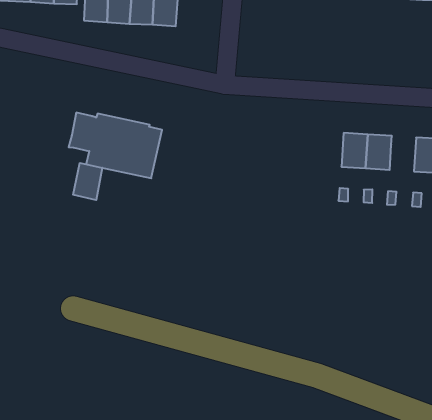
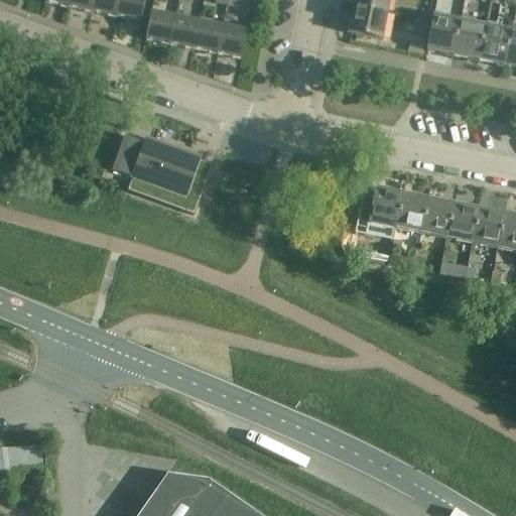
building: none -> [370,185,403,226]
building: none -> [446,201,479,241]
building: [73,163,102,200] -> none

